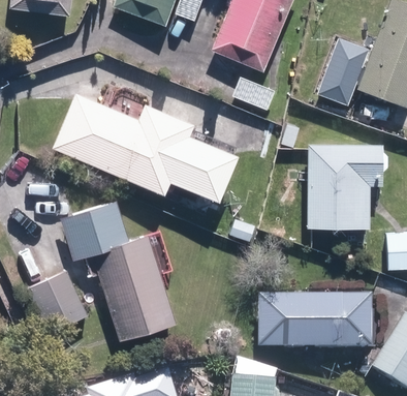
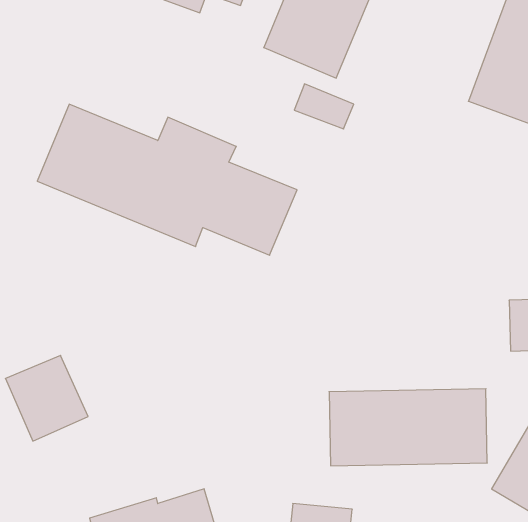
building: [317,36,370,105] -> none
building: [306,142,381,226] -> none
building: [60,200,174,339] -> none

